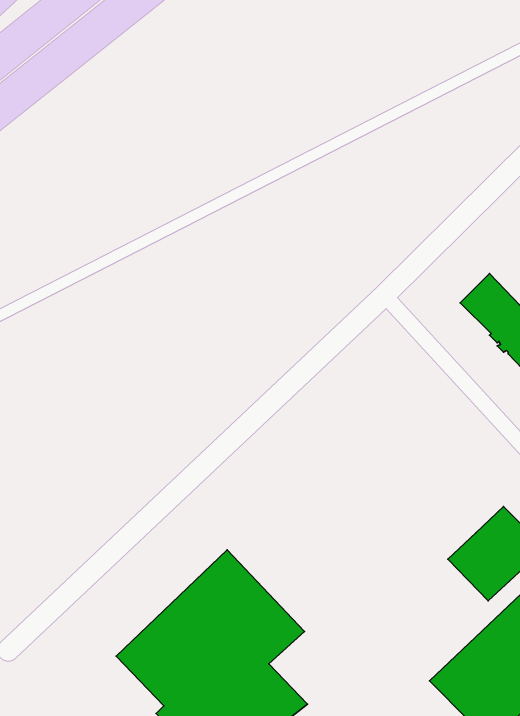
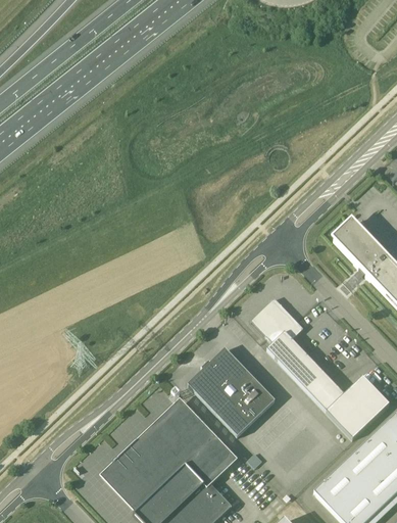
building: none -> [252,296,345,410]
building: none -> [190,348,276,435]

